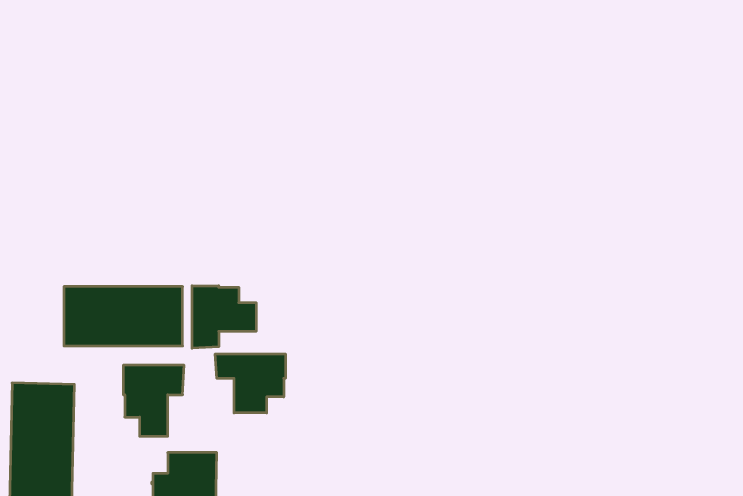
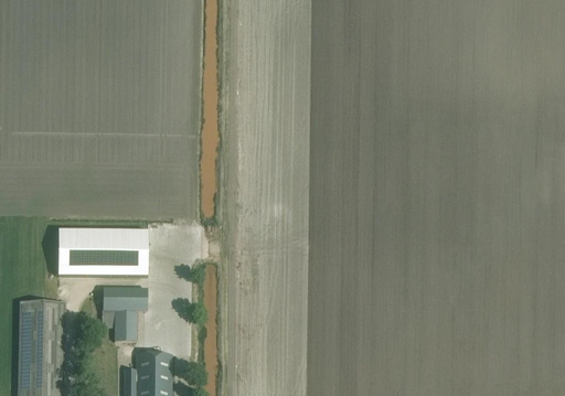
building: [192,286,256,348] -> none
building: [215,354,285,413] -> none

